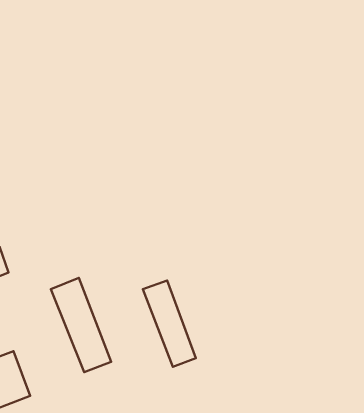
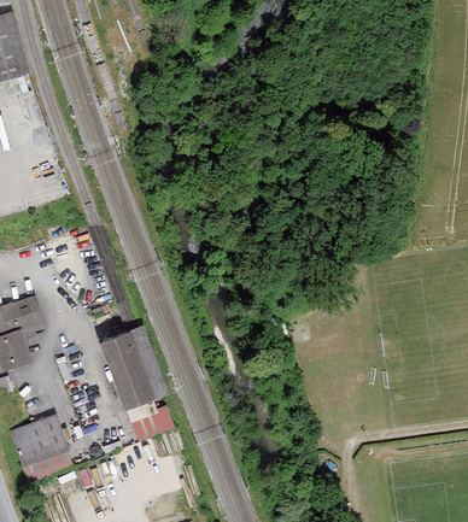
building: [143,280,196,367] -> none

